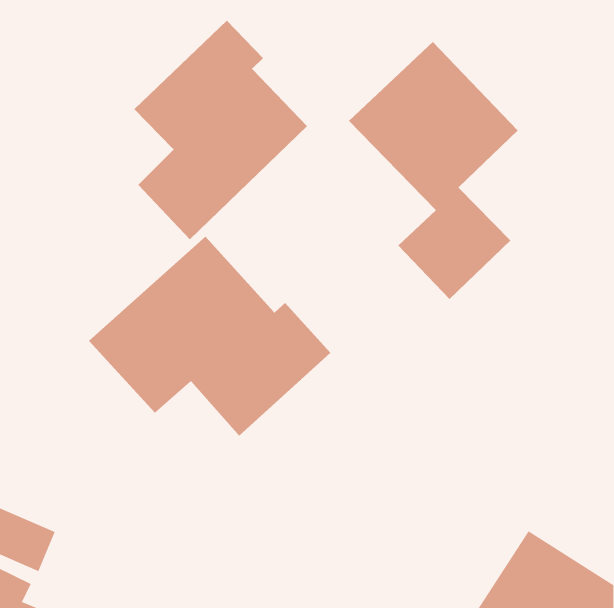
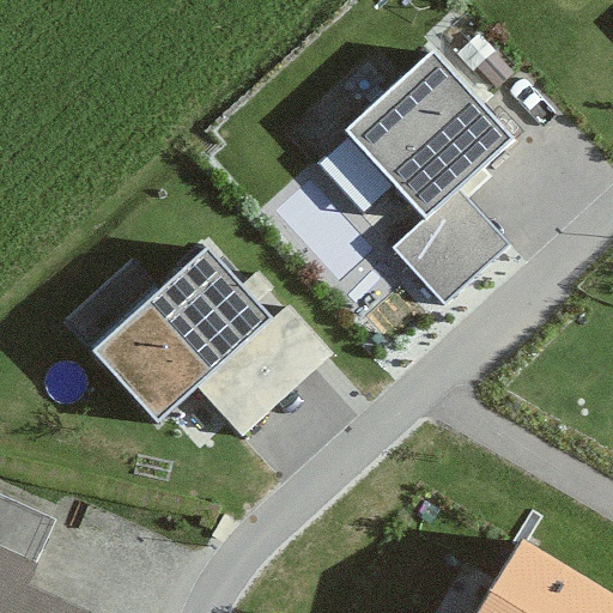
building: [133,20,308,240] -> none

